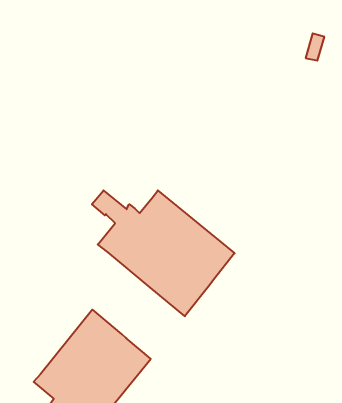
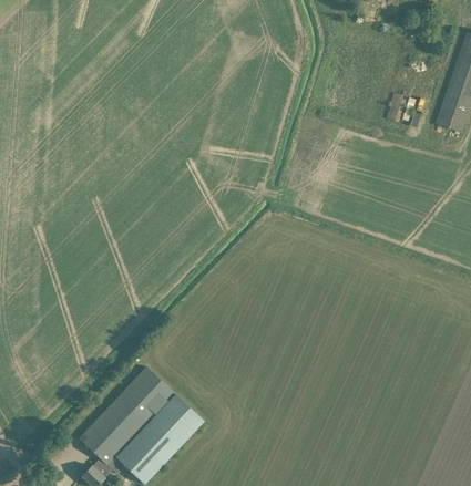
building: [92,190,235,316] -> none

